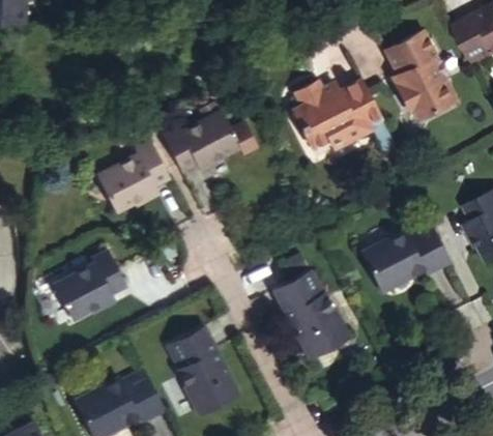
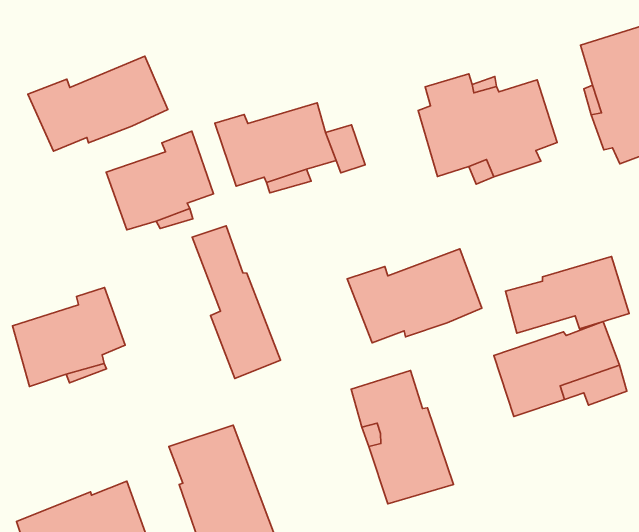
building: none -> [28,56,168,151]
building: none -> [505,256,629,333]
building: none -> [347,249,482,343]
building: none -> [192,226,280,378]

